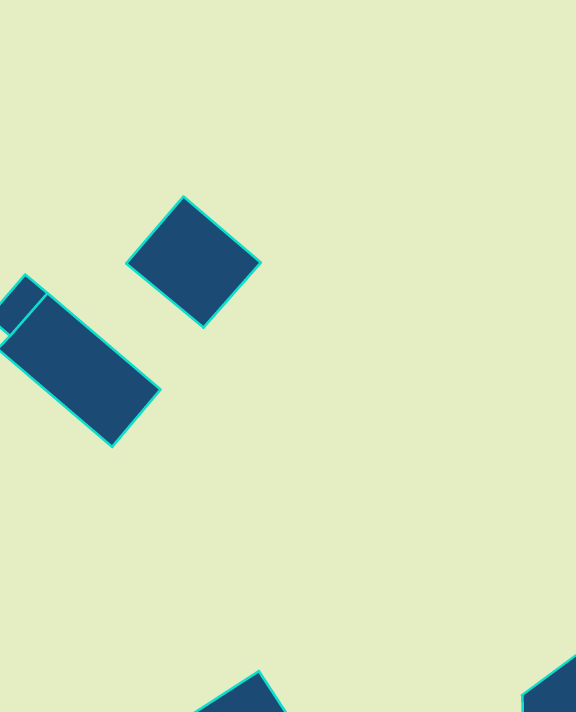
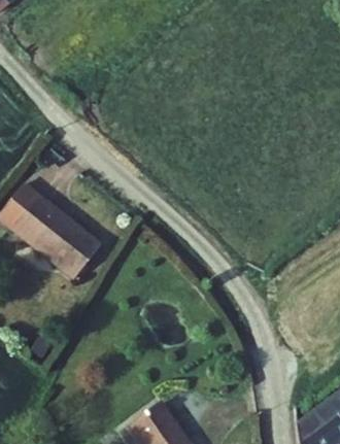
building: [126,197,261,328] -> none

